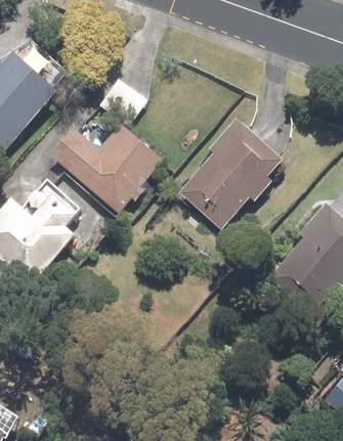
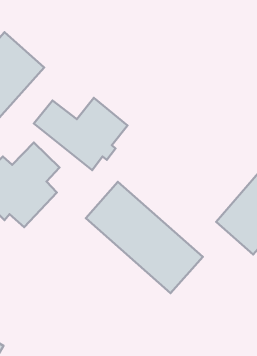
building: [177,121,283,229] -> none
building: none -> [86,182,203,293]

